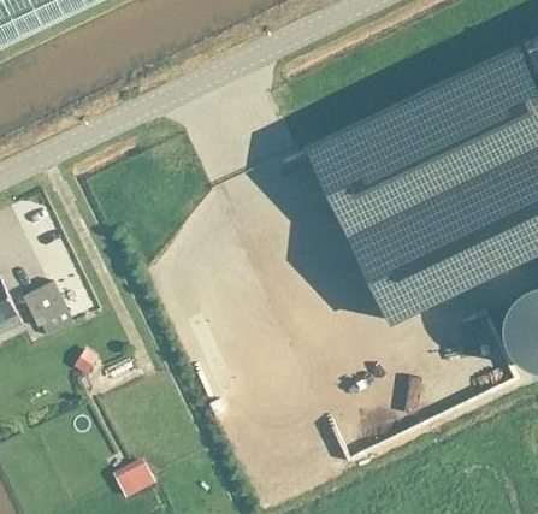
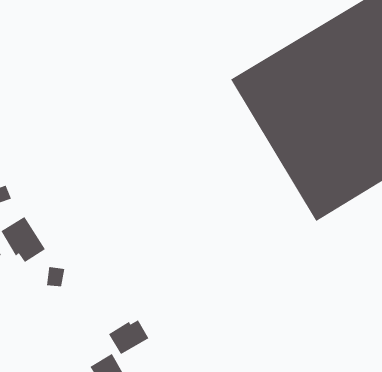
building: none -> [108,320,149,355]

